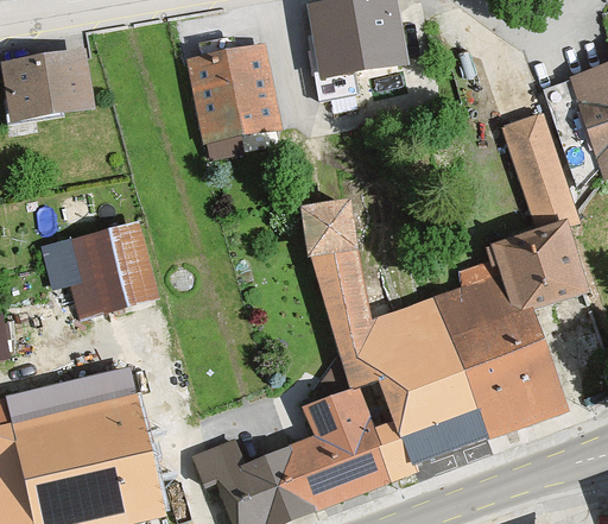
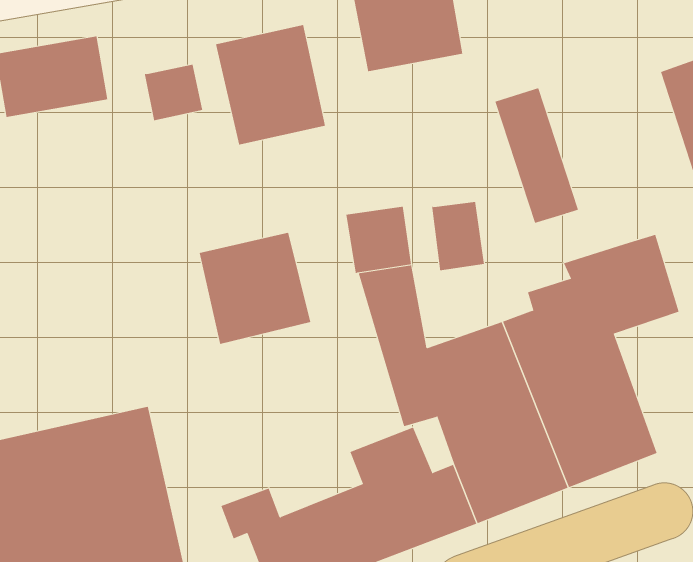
building: none -> [144,64,203,121]
building: [505,113,577,229] -> [494,88,579,224]
building: none -> [431,201,485,271]
building: [59,225,156,321] -> [199,232,311,344]

